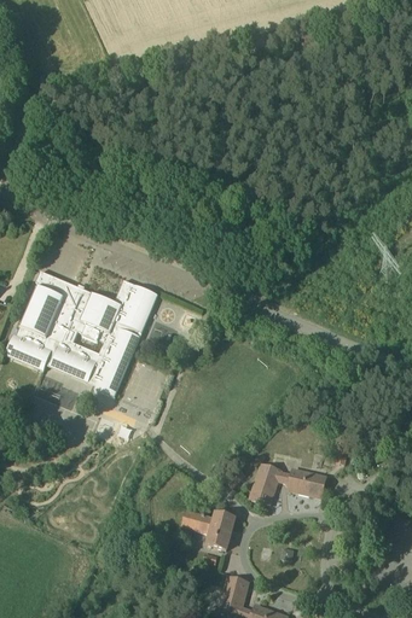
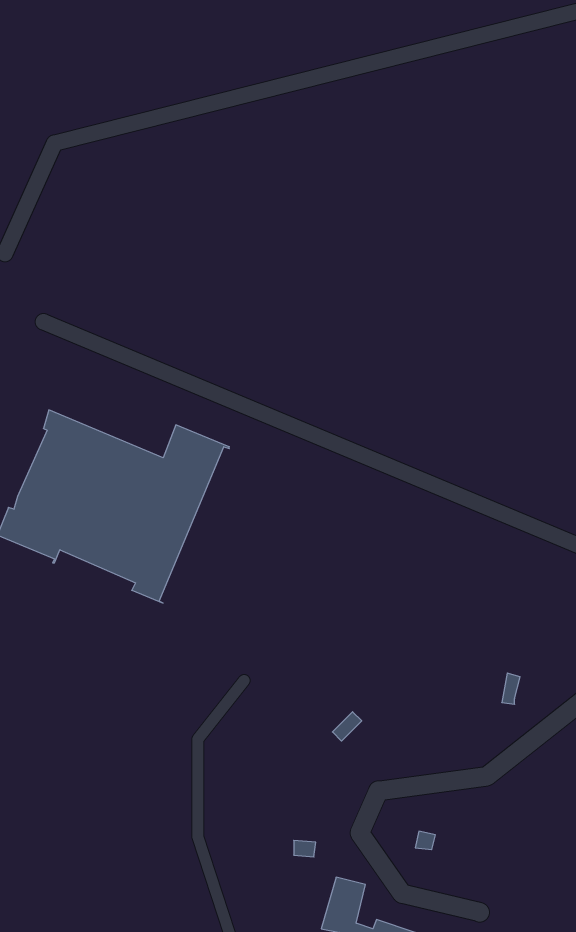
building: [250,464,326,505] -> none
building: [182,511,236,549] -> none

